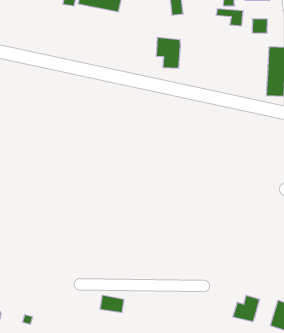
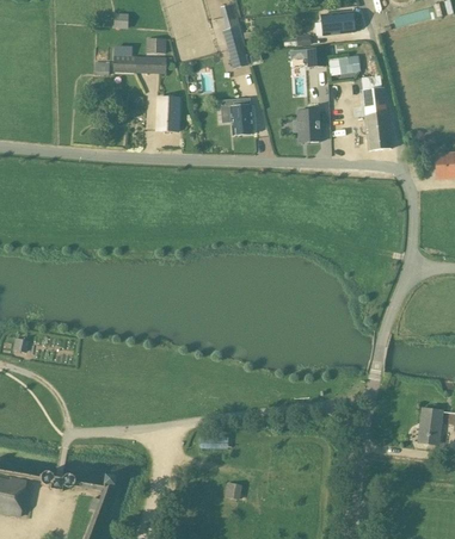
building: none -> [156,97,179,131]
building: none -> [293,110,321,143]
building: [233,295,259,322] -> none

